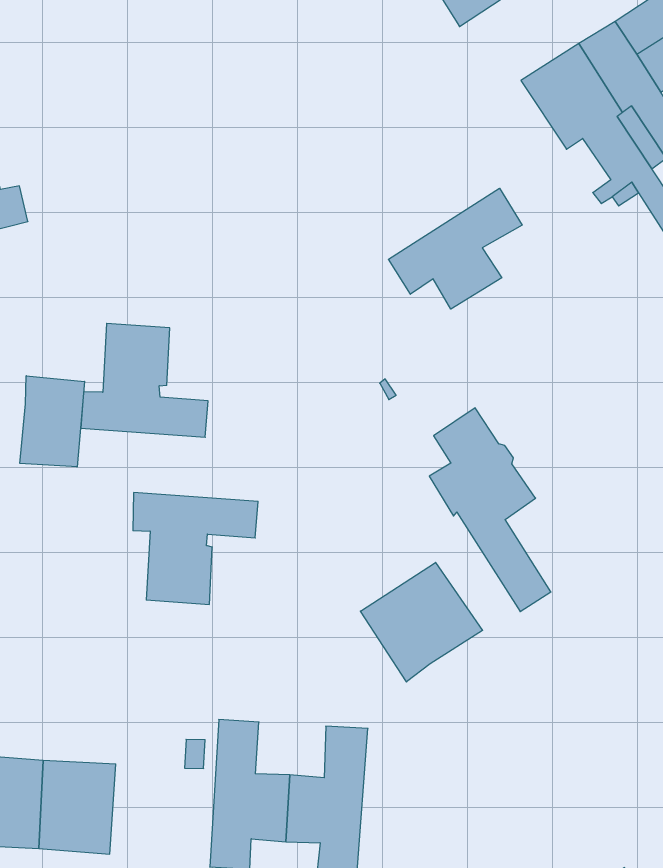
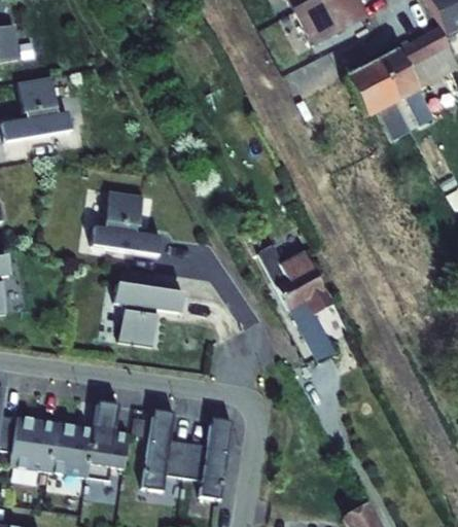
building: [388,188,522,309] -> none
building: [20,376,85,467] -> none
building: [360,562,483,682] -> none
building: none -> [87,400,129,480]

